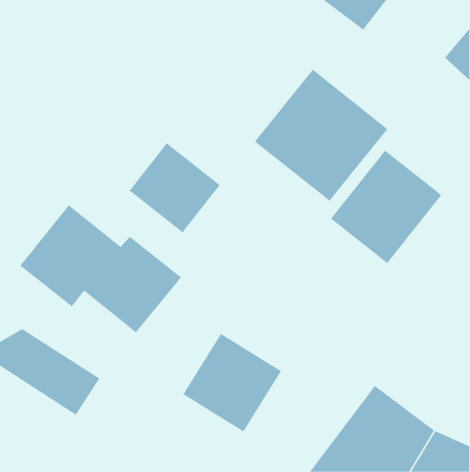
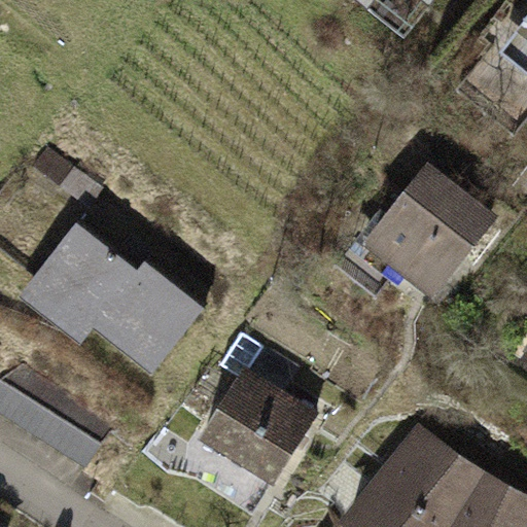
building: [254,69,388,202] -> none
building: [129,143,221,233] -> none

